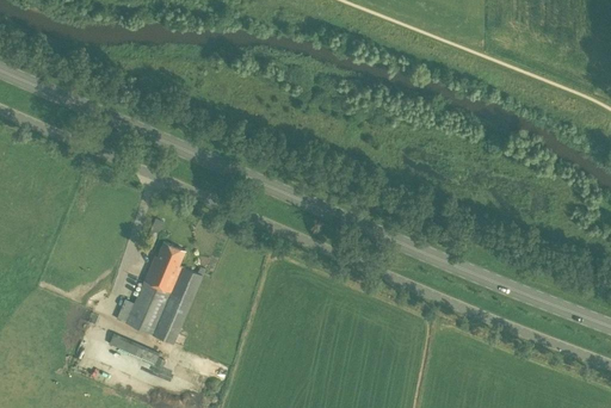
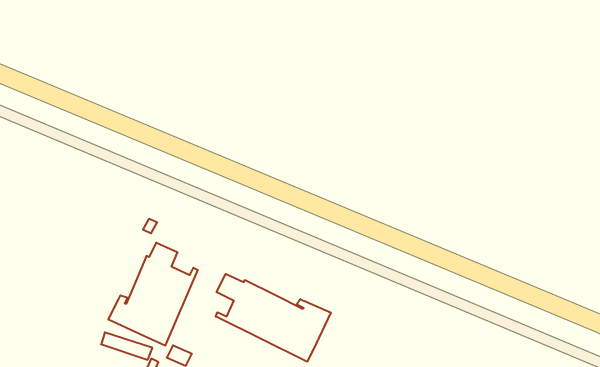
building: none -> [216,274,331,362]

